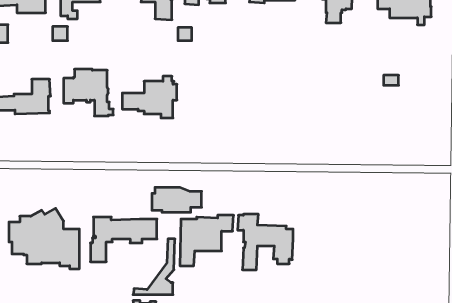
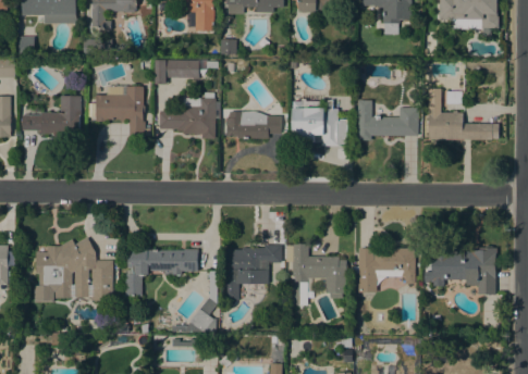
building: none -> [155,60,198,84]
building: none -> [428,88,498,139]
building: none -> [292,96,346,147]
building: none -> [357,100,418,140]
building: [152,187,202,212] -> [225,111,280,138]
building: none -> [423,246,496,295]
building: none -> [353,248,415,292]

